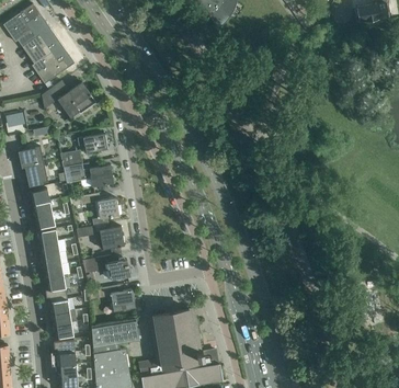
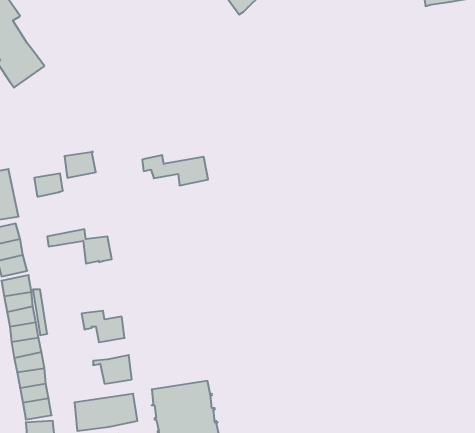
building: [42,81,96,118] -> none
building: [64,164,114,187] -> [142,155,208,185]
building: [93,224,124,249] -> none

